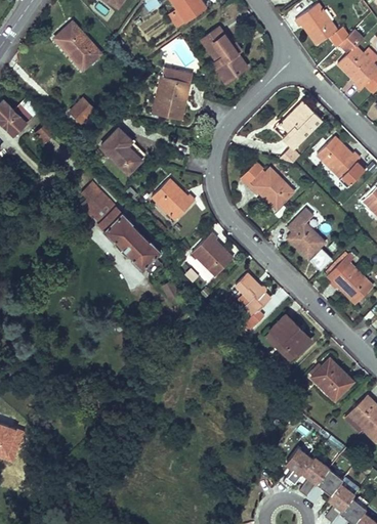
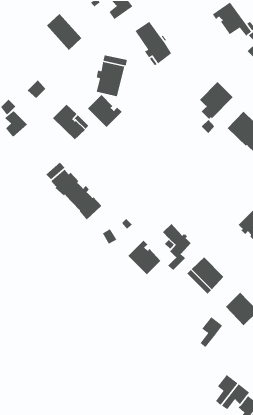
building: [55,24,99,70] -> [46,13,82,51]
building: [241,164,294,210] -> none
building: [152,179,195,220] -> [87,94,122,128]
building: [81,182,110,216] -> [4,110,28,138]
building: [286,211,325,259] -> none
building: [192,233,233,276] -> [128,240,161,275]
building: [283,449,311,488] -> [200,316,223,348]

